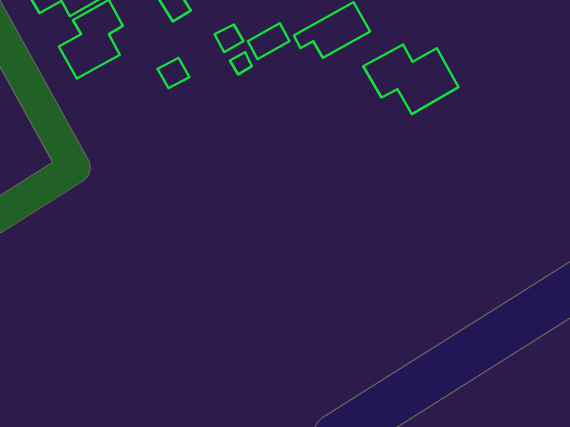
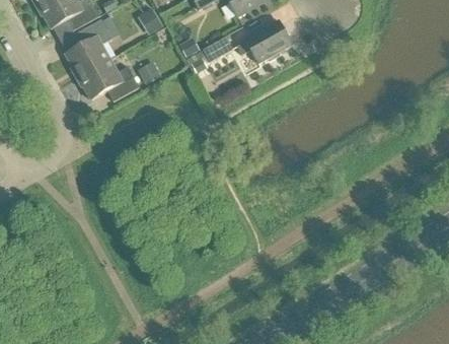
building: [363,44,459,114] -> none
building: none -> [78,59,139,101]

